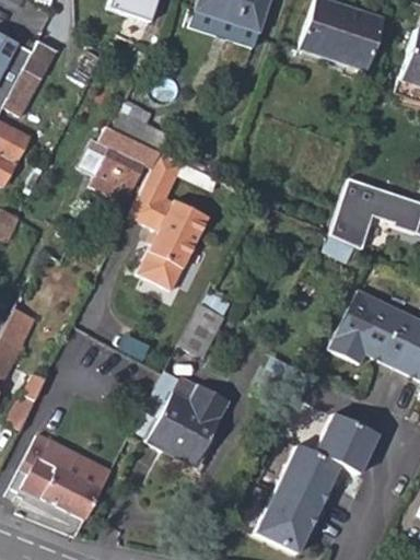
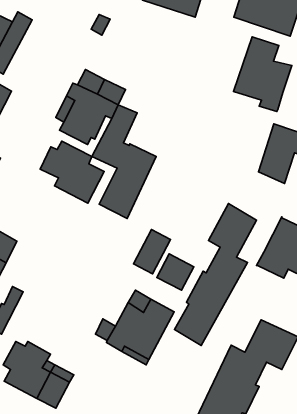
building: none -> [234,37,292,111]
building: none -> [40,141,104,203]
building: none -> [175,203,256,346]
building: none -> [157,254,194,290]

